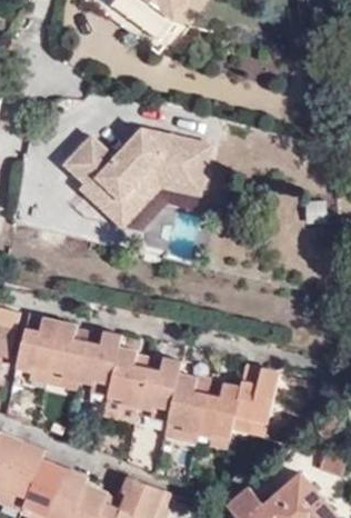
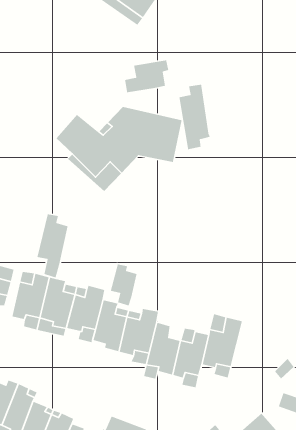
building: none -> [124,60,169,93]
building: none -> [178,84,211,150]
building: none -> [37,213,68,278]
building: none -> [110,263,138,306]

